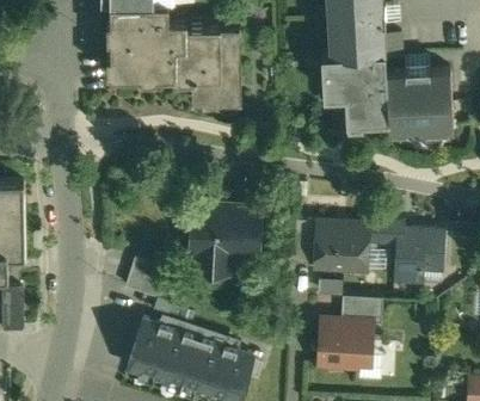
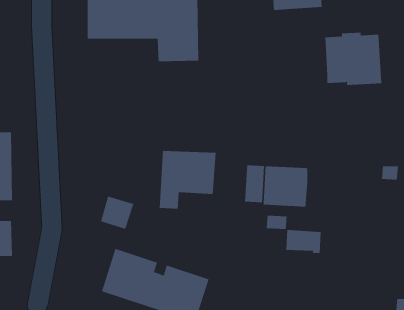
building: [324,54,389,123] -> none
building: [367,222,445,286] -> none
building: [319,323,373,374] -> none

